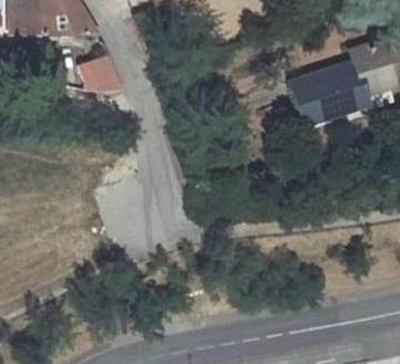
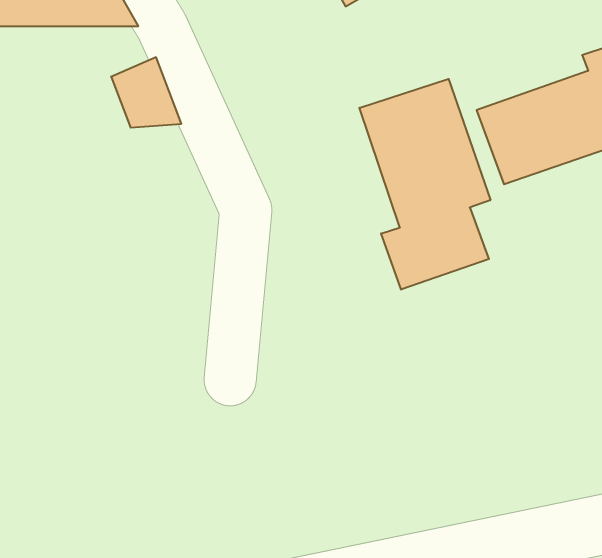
building: none -> [359,79,490,290]

